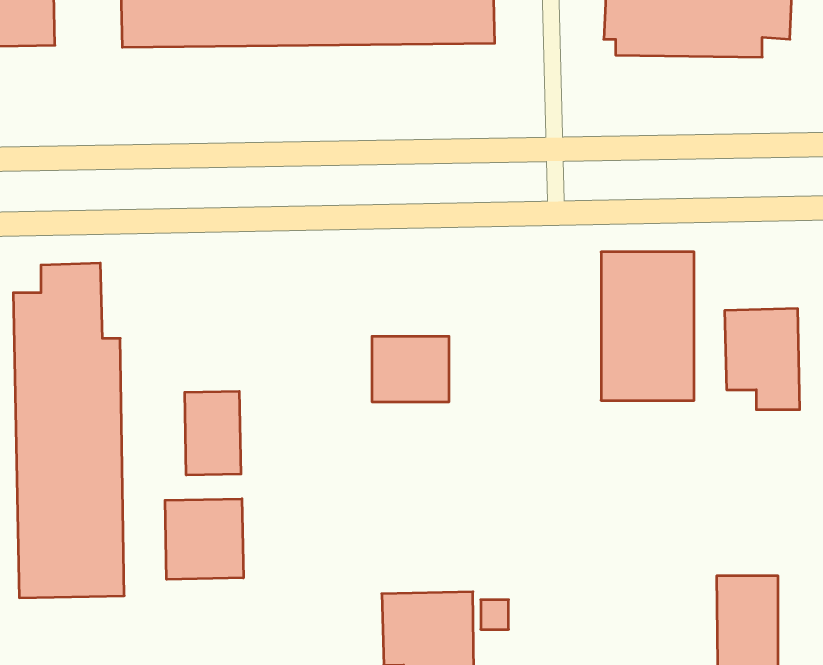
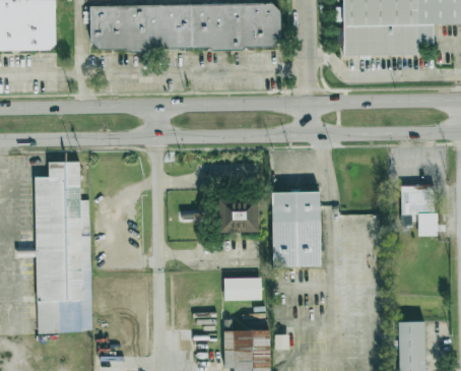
building: [601,252,694,400] -> [272,191,320,267]
building: [185,391,241,475] -> none
building: none -> [226,279,259,298]
building: [165,499,243,579] -> none

